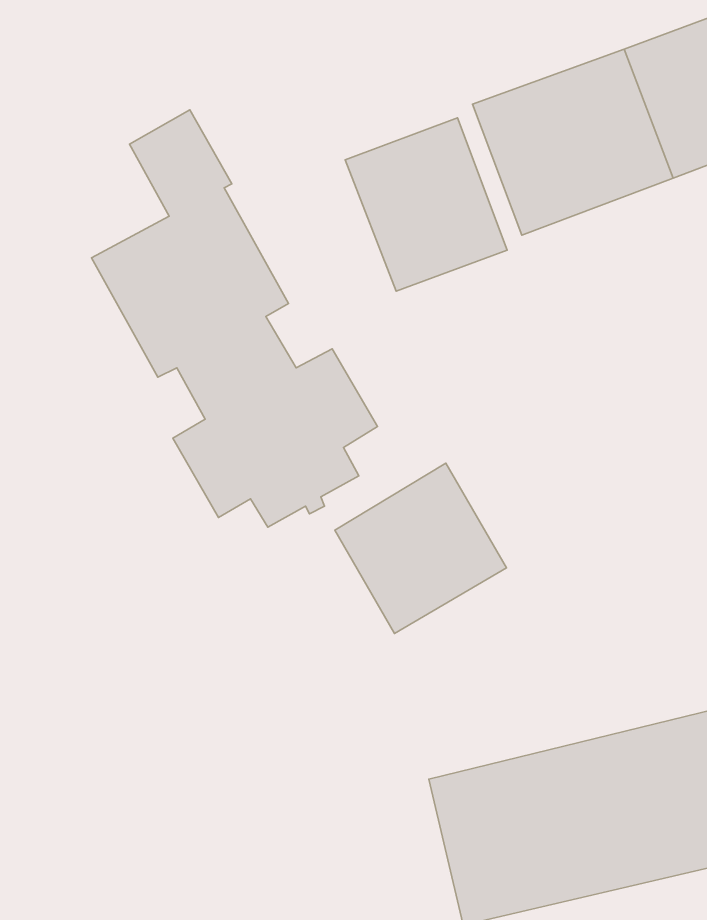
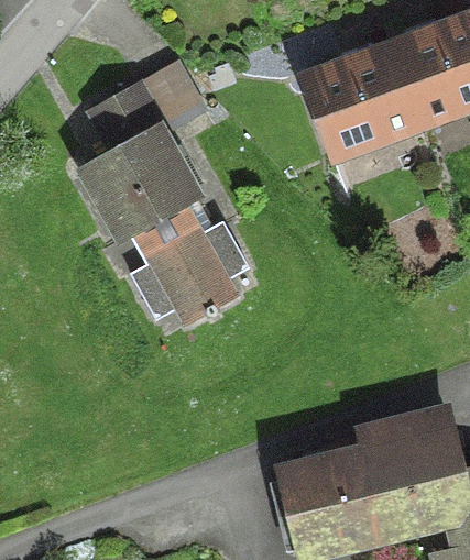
building: [345,118,507,291] -> none
building: [335,463,507,634] -> none

